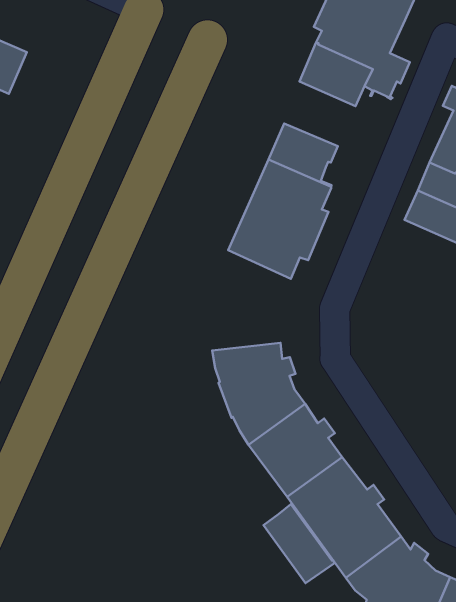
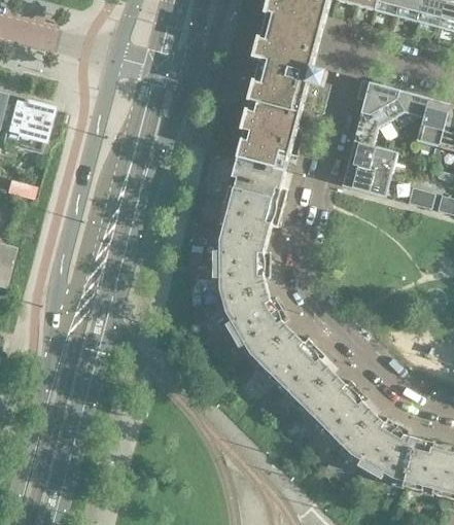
building: none -> [243,97,294,139]
building: none -> [214,226,271,301]
building: [264,504,335,583] -> none

